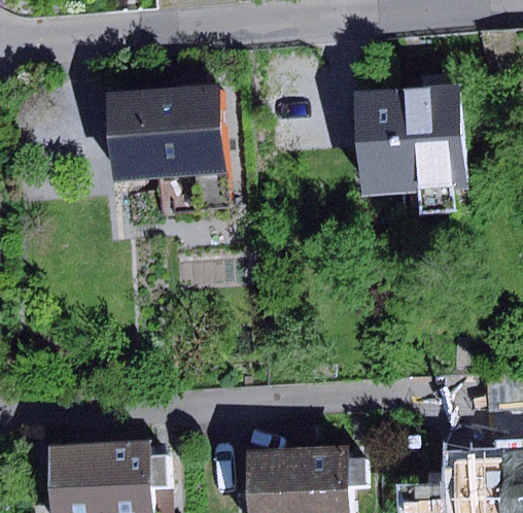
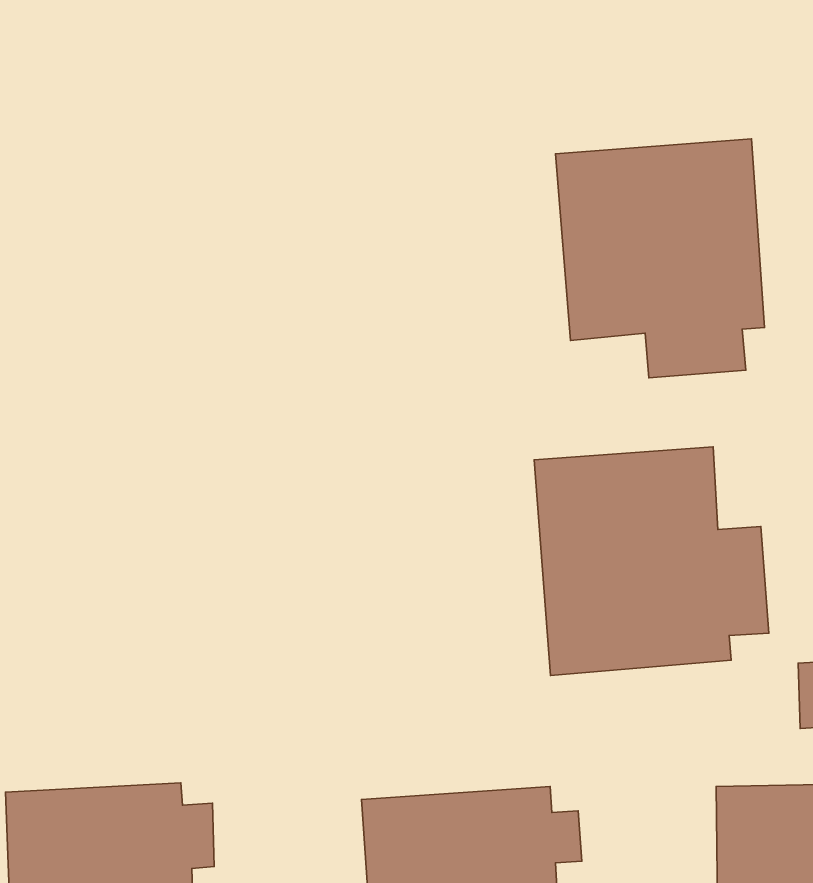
building: [107,88,224,181] -> none
building: none -> [534,447,769,675]

